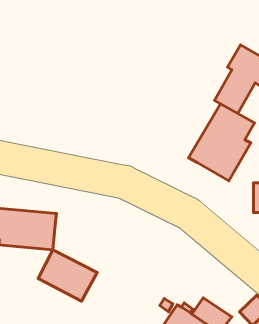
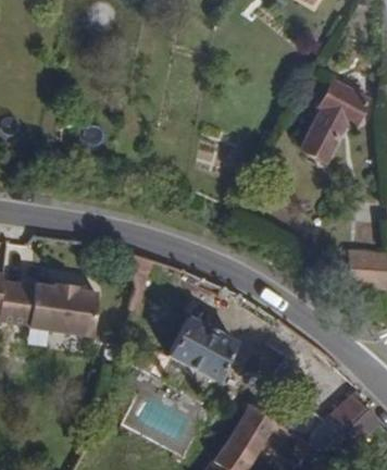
building: [189,104,254,181] -> none
building: [38,250,97,301] -> [170,318,244,382]

